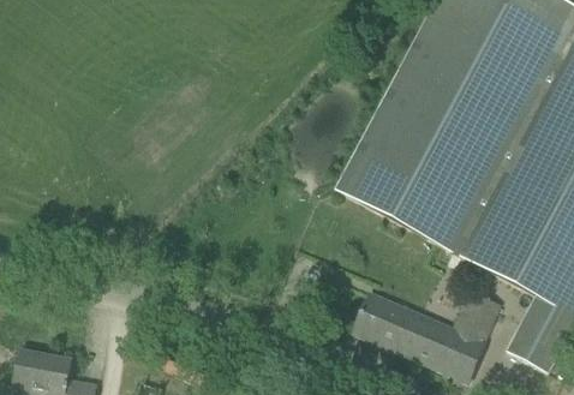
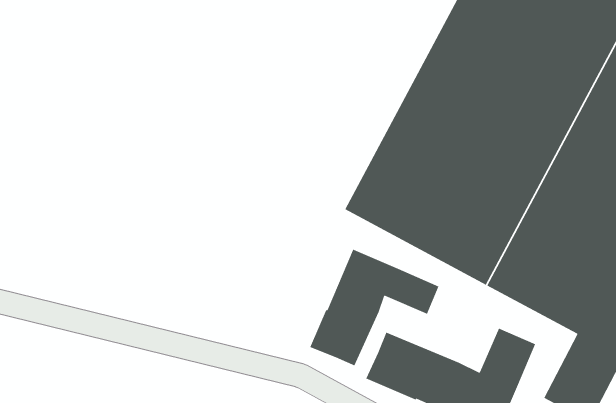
building: none -> [309,248,439,367]

